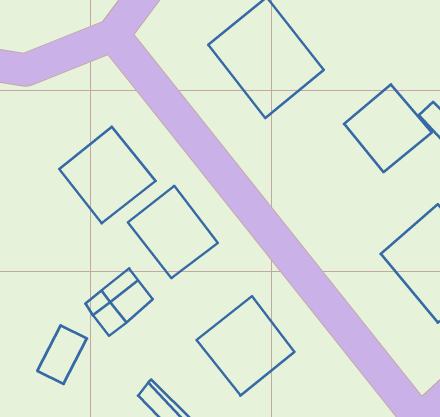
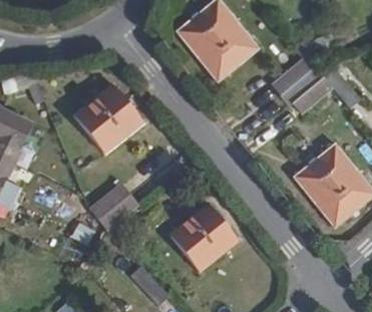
building: [128,186,218,278] -> none

